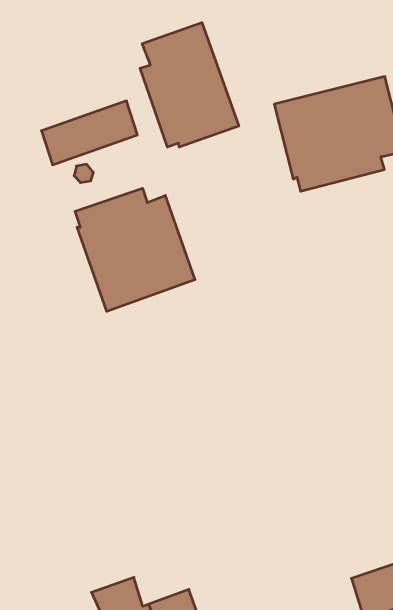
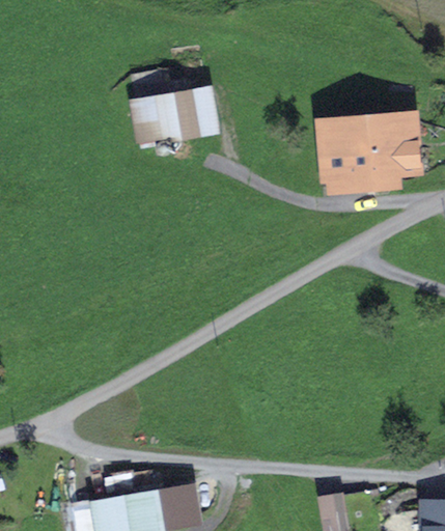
building: [140,23,239,147] -> none
building: [75,188,195,311] -> none

